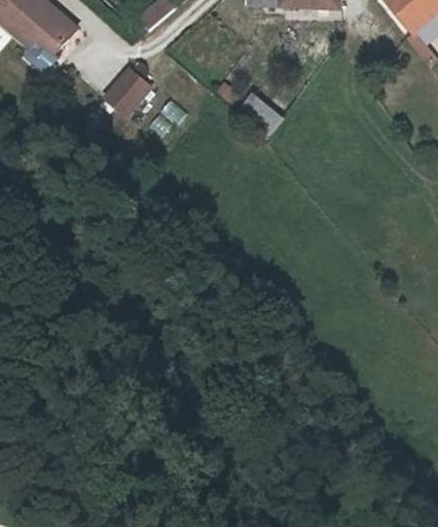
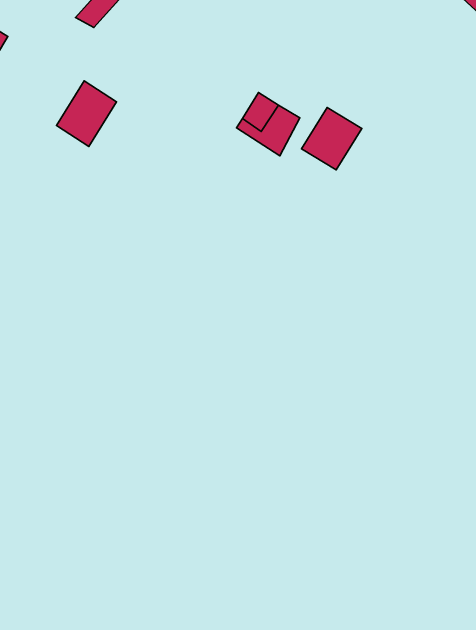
building: none -> [301,108,362,170]

